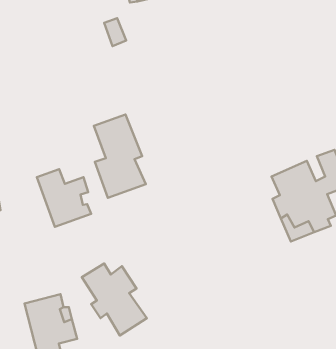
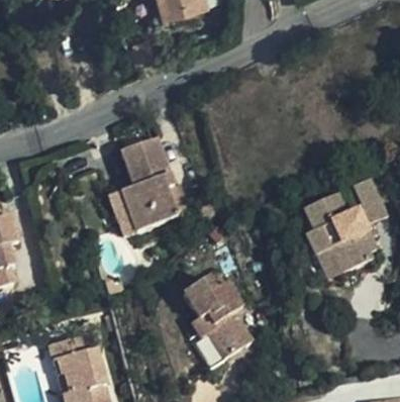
building: [37,169,91,227] -> none
building: [82,263,147,336] -> [179,282,249,361]

